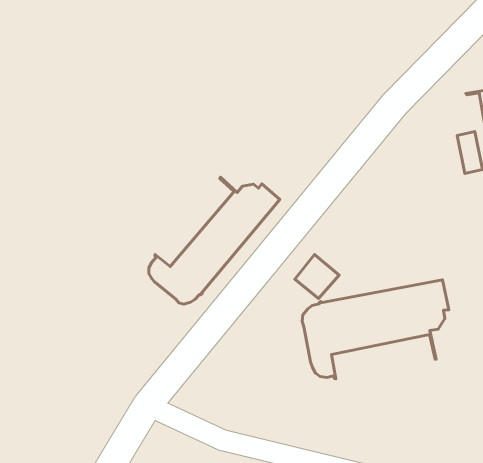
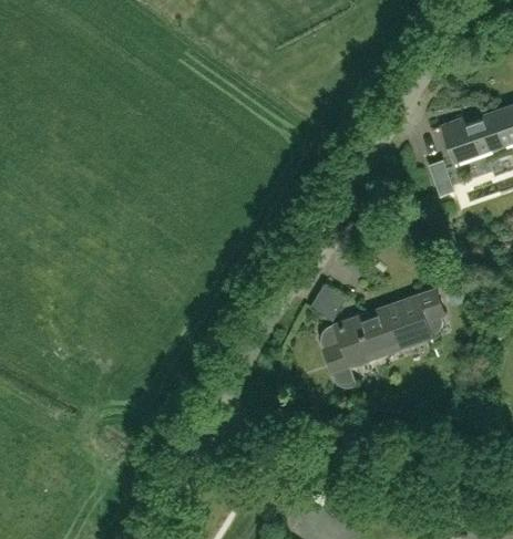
building: [149,177,280,304] -> none

